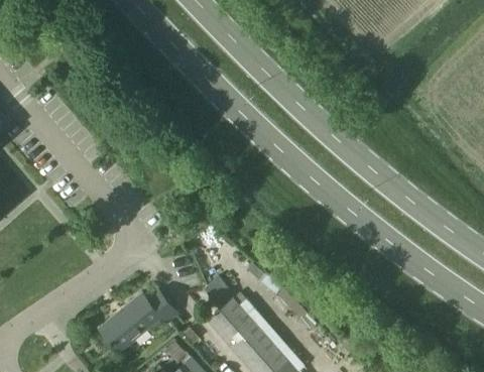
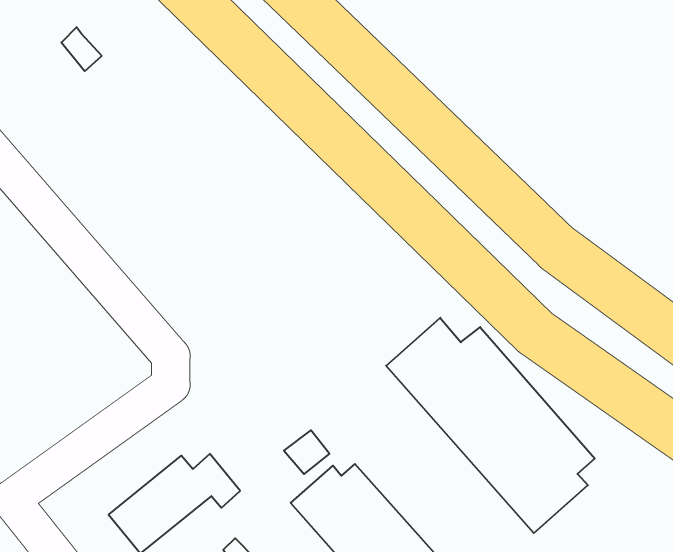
building: none -> [386,318,595,533]

